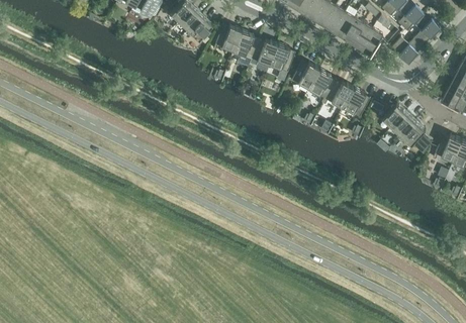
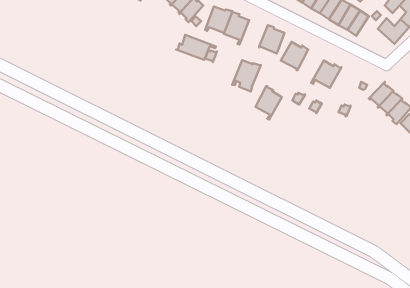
building: [249,38,278,71] -> [232,60,261,92]
building: none -> [176,35,216,60]
building: [308,69,336,103] -> [255,86,282,120]
building: [342,87,370,117] -> none

